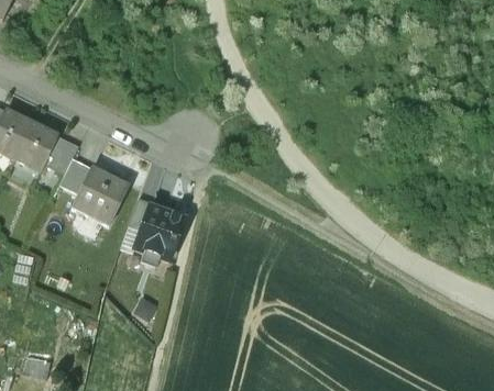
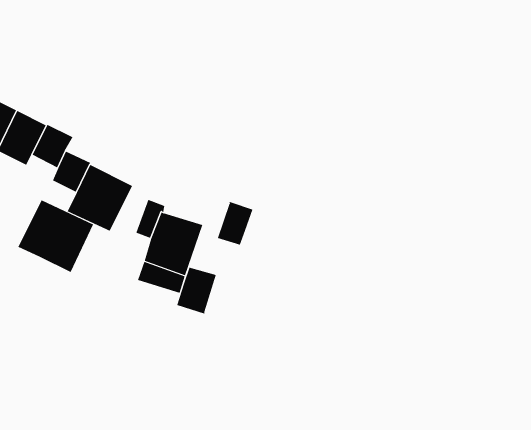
building: none -> [18,199,94,273]
building: none -> [217,201,253,245]
building: none -> [176,267,216,314]

